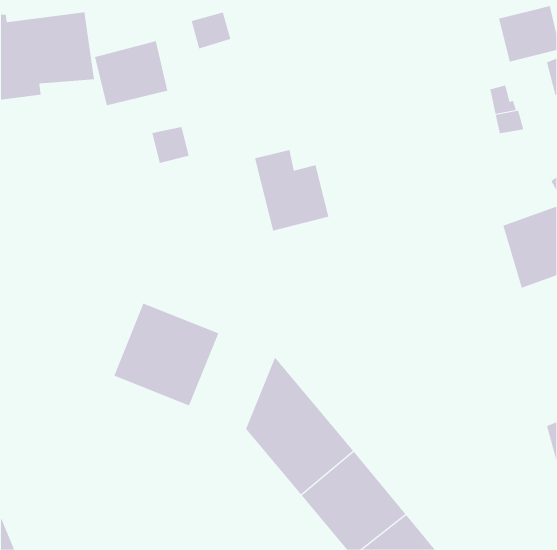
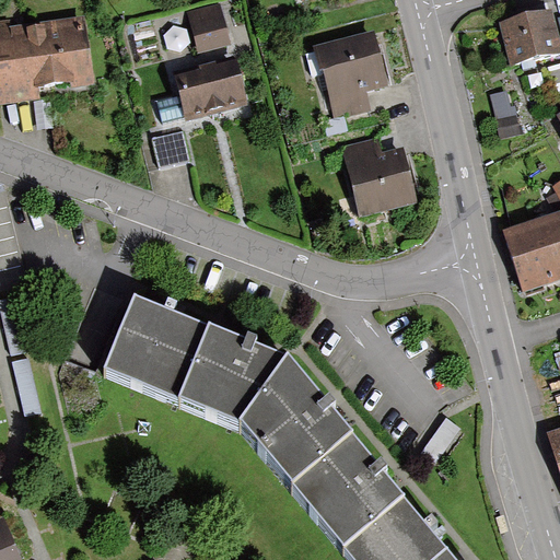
building: none -> [315,33,387,116]
building: [94,41,168,106] -> [174,51,248,117]
building: [254,149,329,231] -> [340,137,416,219]
building: none -> [190,335,276,431]

